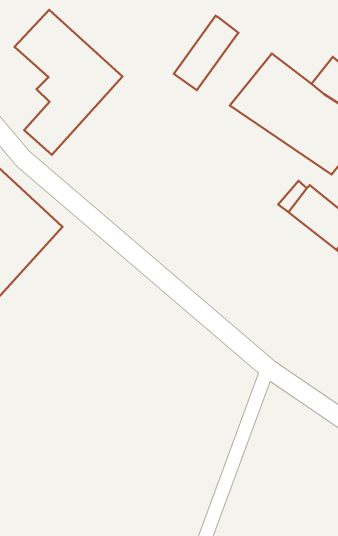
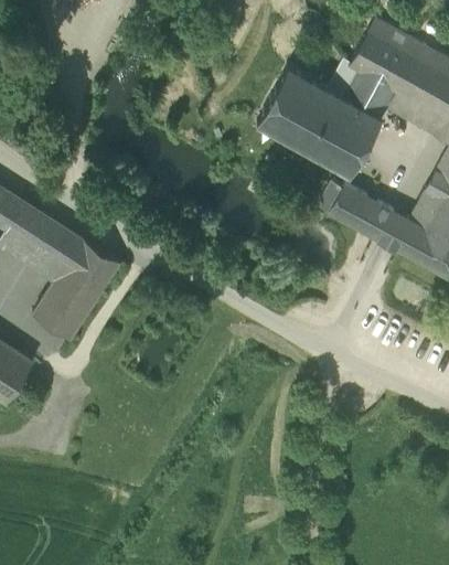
building: [14,10,122,155] -> none
building: [174,16,238,90] -> none

